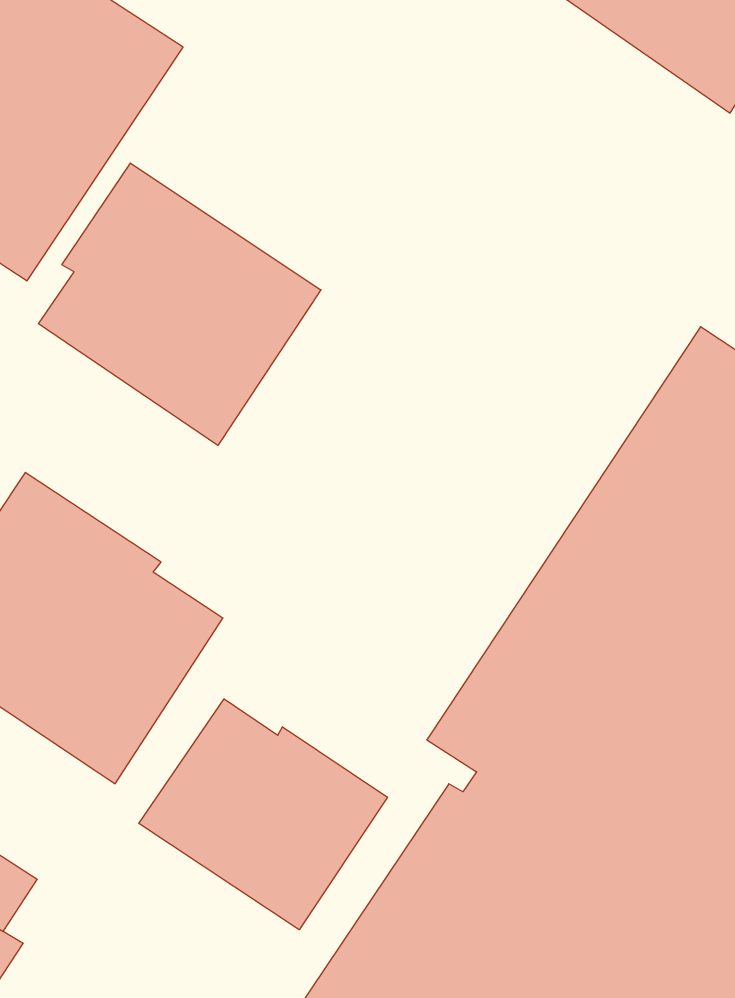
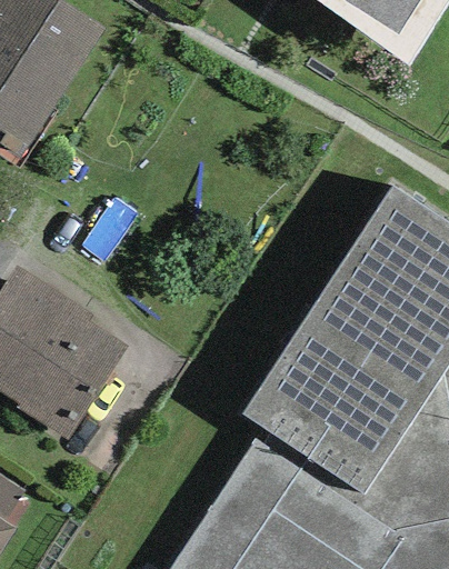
building: [39,163,321,445] -> none
building: [139,699,388,930] -> none

